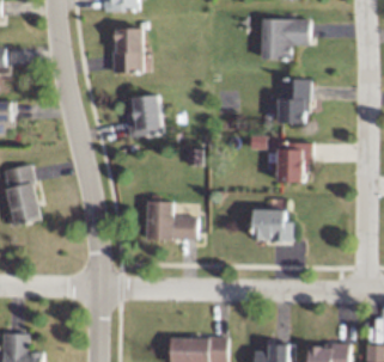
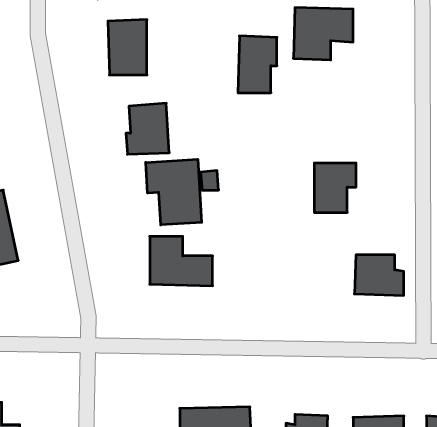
building: [279,78,310,123] -> [238,36,277,93]
building: none -> [146,159,202,225]
building: [252,209,292,241] -> [354,255,404,295]

